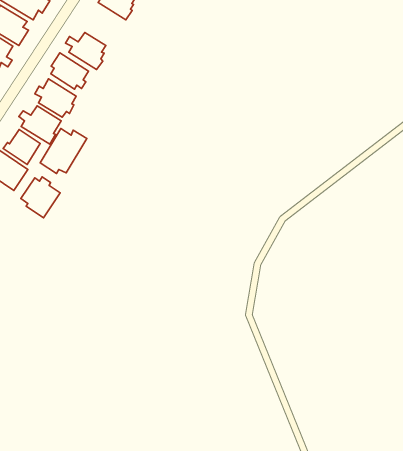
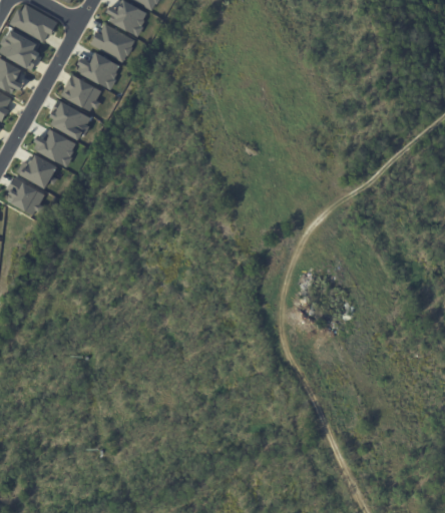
building: none -> [89,24,135,63]
building: [40,129,87,173] -> none
building: [21,177,60,218] -> none

